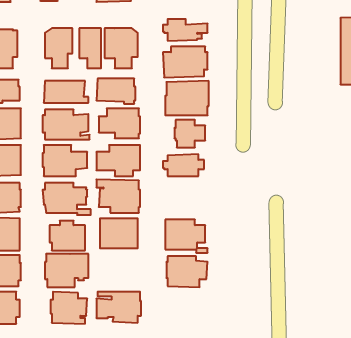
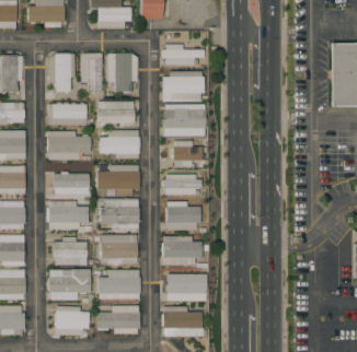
building: none -> [166,201,200,230]
building: none -> [97,270,140,300]
building: none -> [162,306,207,336]

